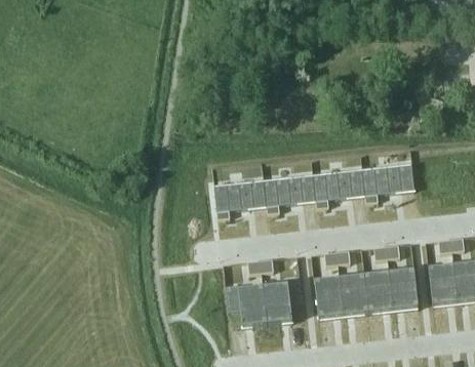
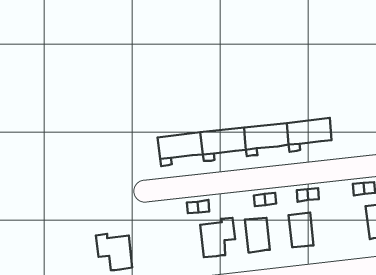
building: [429,264,459,304] -> none
building: [390,269,419,310] -> none
building: [340,275,369,315] -> none
building: [226,284,268,326] -> [96,234,132,270]

